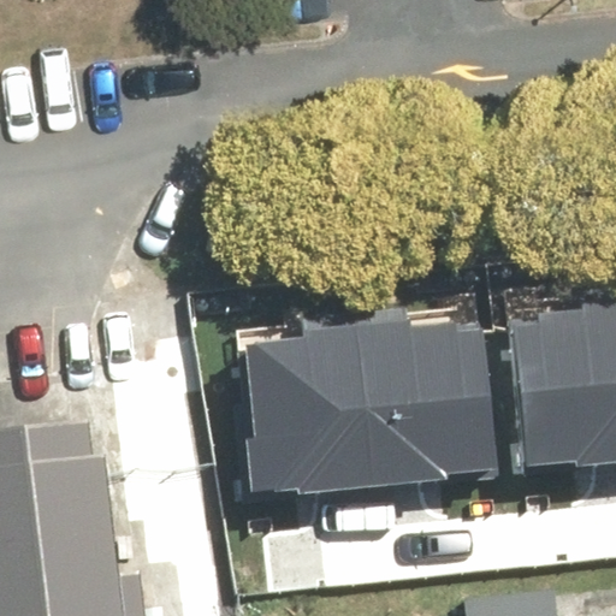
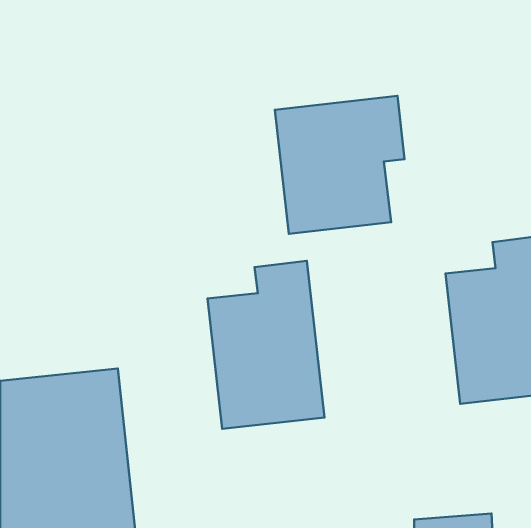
building: none -> [275,96,404,234]
building: [356,300,494,487] -> none

